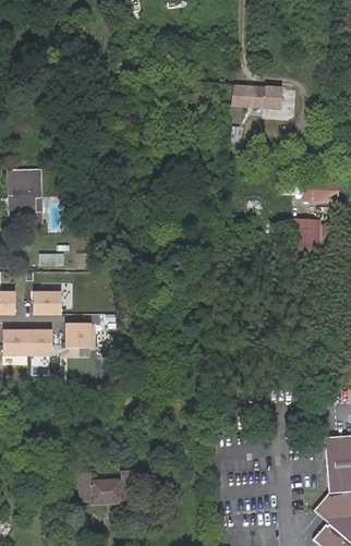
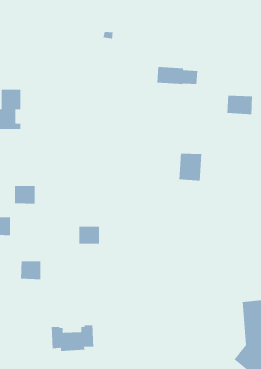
building: [230,84,283,108] -> [157,66,198,85]
building: [290,216,320,253] -> [178,153,202,182]
building: [62,324,89,348] -> [79,226,100,244]
building: [28,331,56,356] -> [20,261,41,280]

